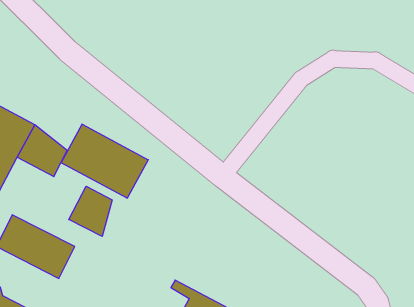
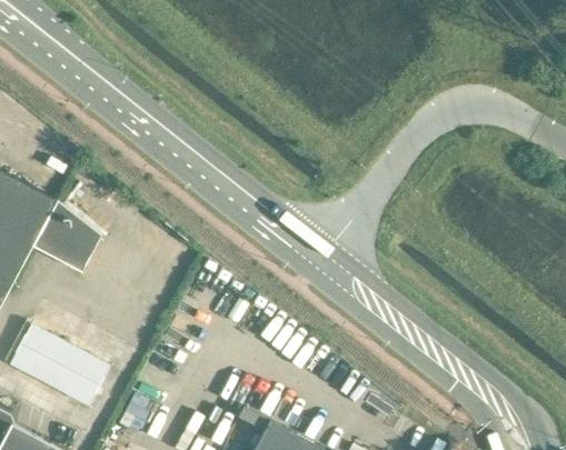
building: [61,124,148,198] -> none
building: [69,186,112,236] -> none

